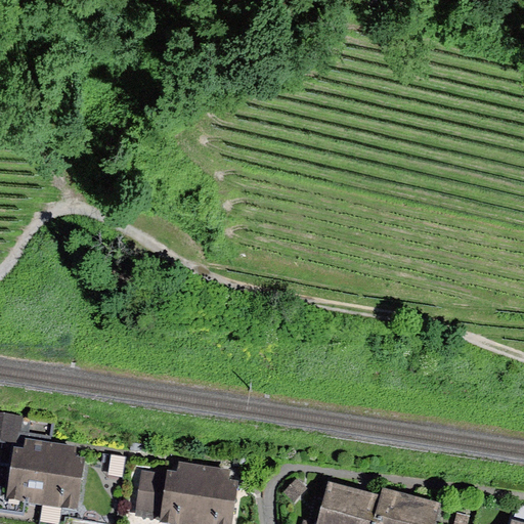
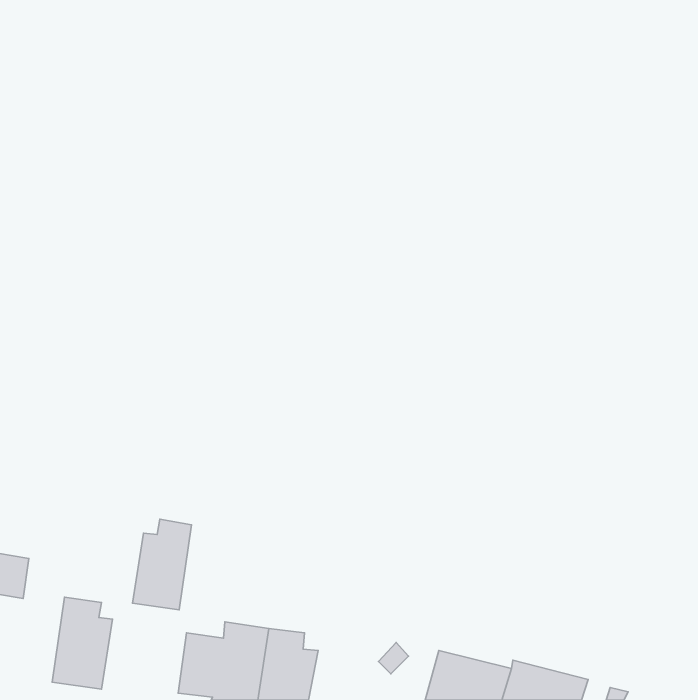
building: [4,441,48,509] -> [132,519,191,610]

